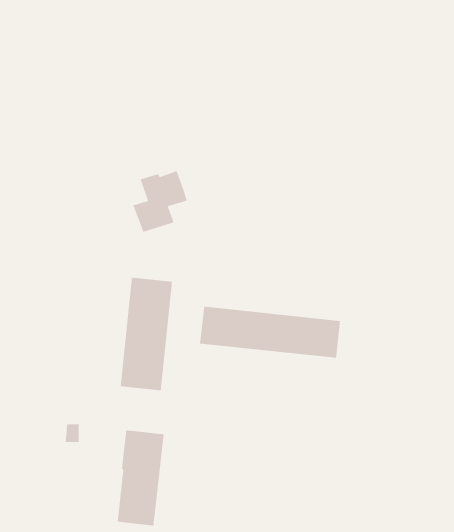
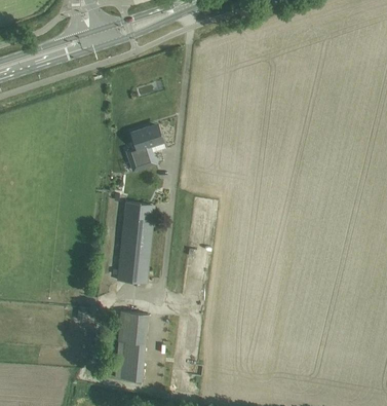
building: [200,306,341,359] -> none

